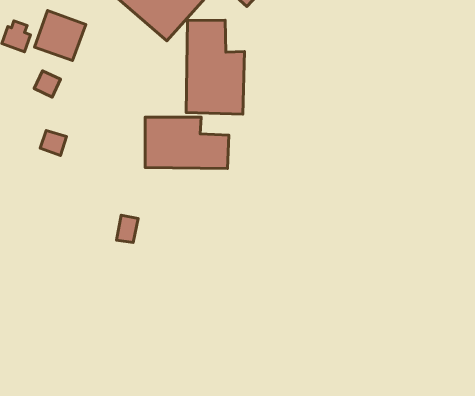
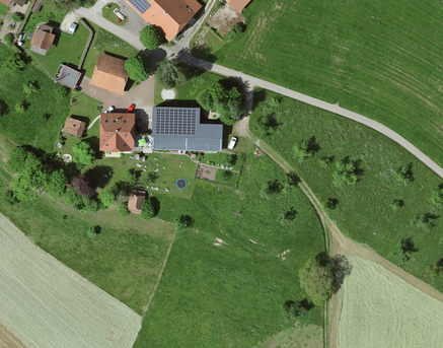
building: [34,10,86,60] -> [89,52,133,94]
building: [186,20,245,114] -> none
building: none -> [99,114,134,151]

